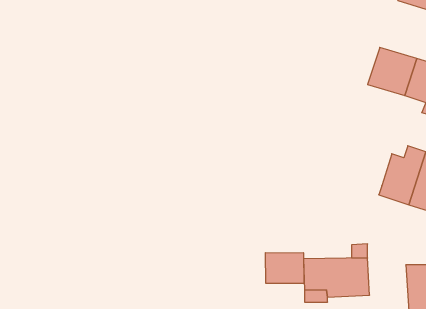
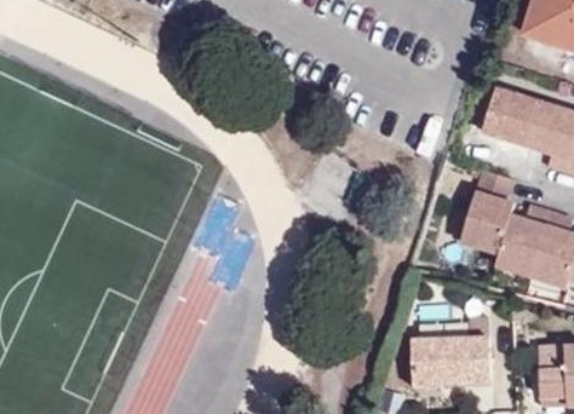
building: none -> [464,169,518,253]
building: [265,253,304,284] -> none

